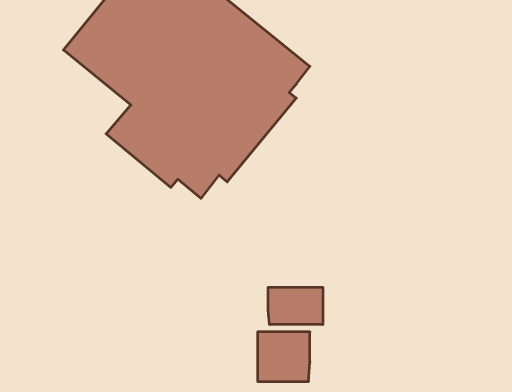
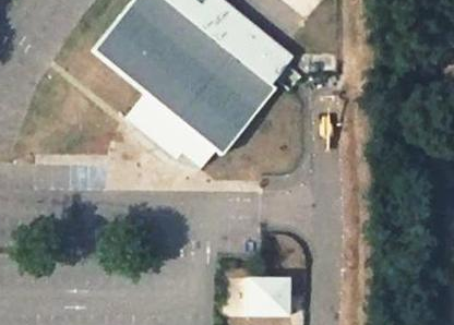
building: [268,287,323,325] -> none

